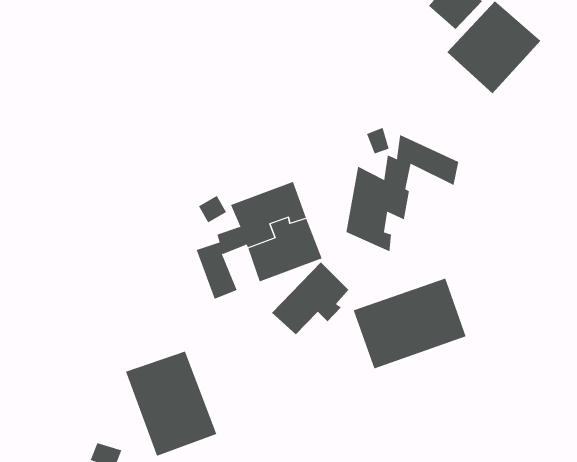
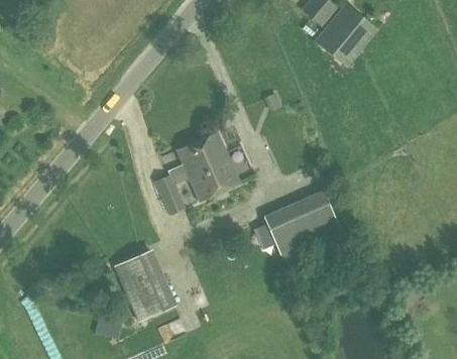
building: [346,134,459,252] -> none
building: [271,261,349,335] -> none

